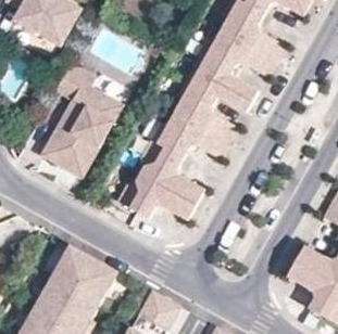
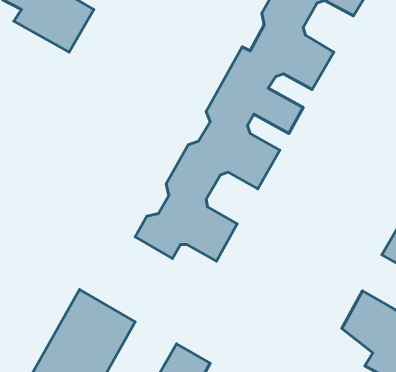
building: [40,63,122,177] -> none

